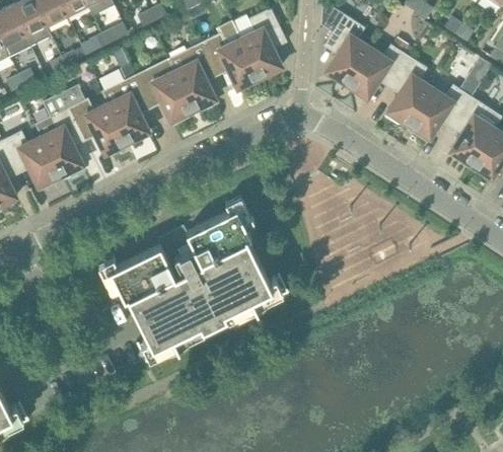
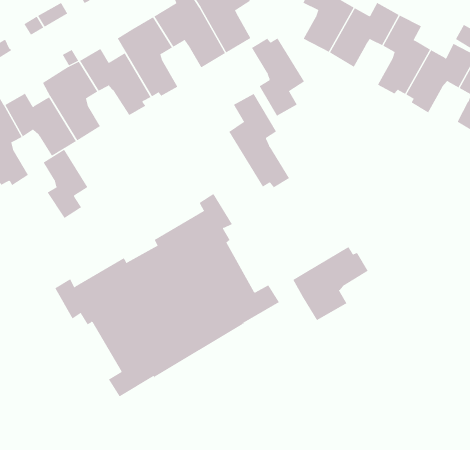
building: none -> [251,37,305,117]
building: none -> [229,93,290,188]
building: none -> [43,149,88,219]
building: none -> [293,246,369,321]

